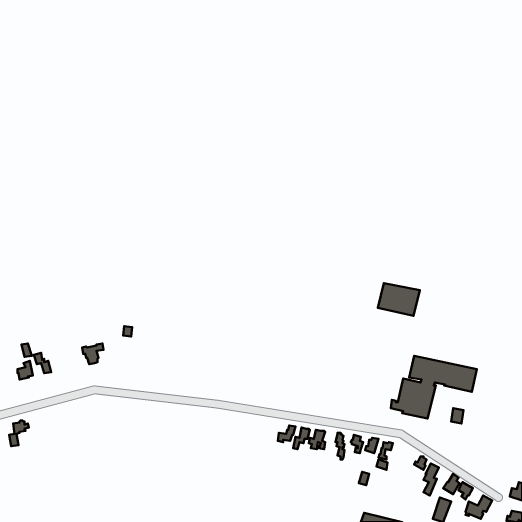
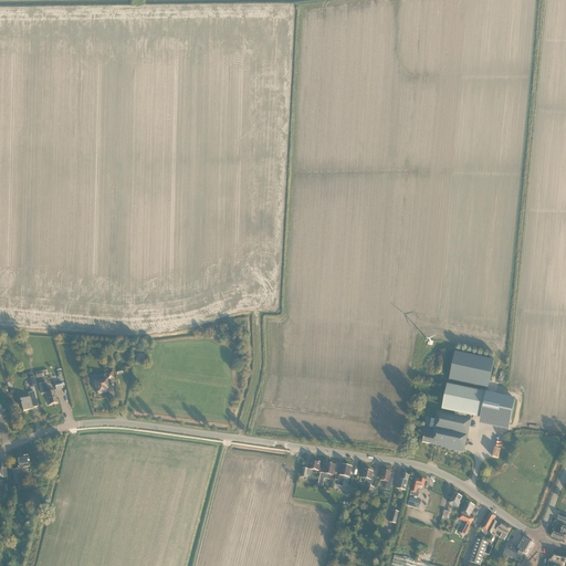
building: [378,283,420,316] -> [448,352,493,387]

